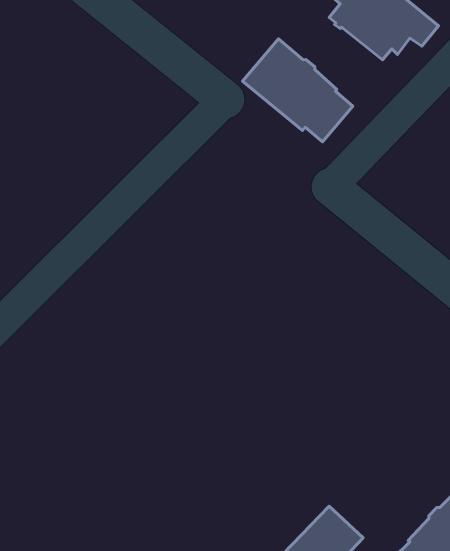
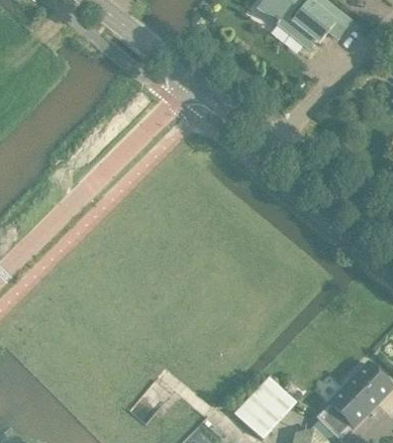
building: [243,39,353,142] -> none

